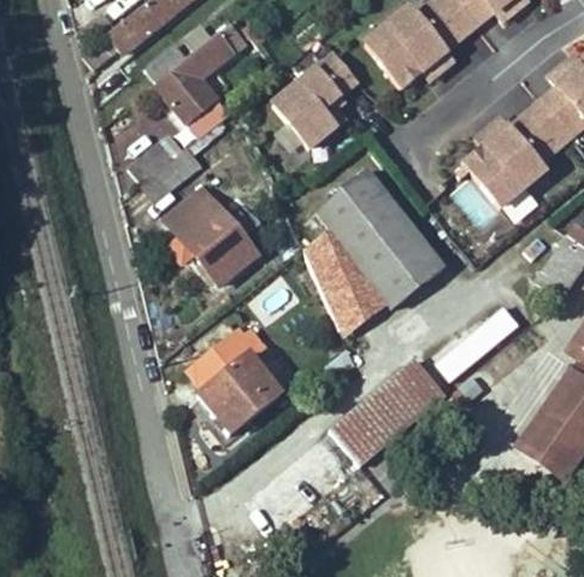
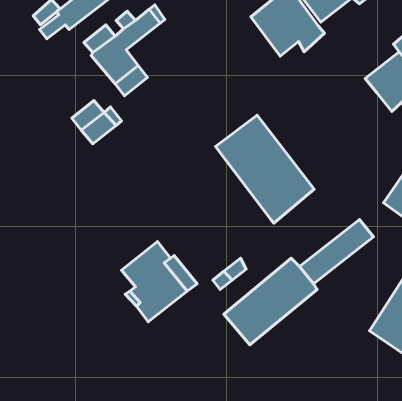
building: [270,46,361,149] -> none
building: [461,112,550,207] -> none
building: [164,182,262,288] -> none
building: [308,226,389,337] -> none

